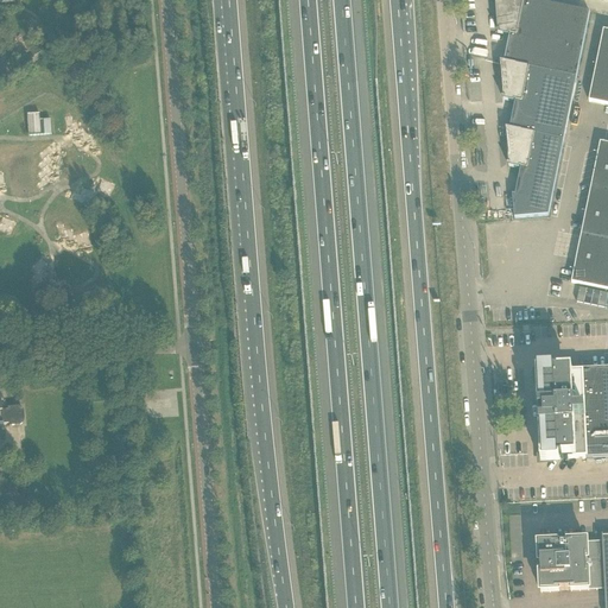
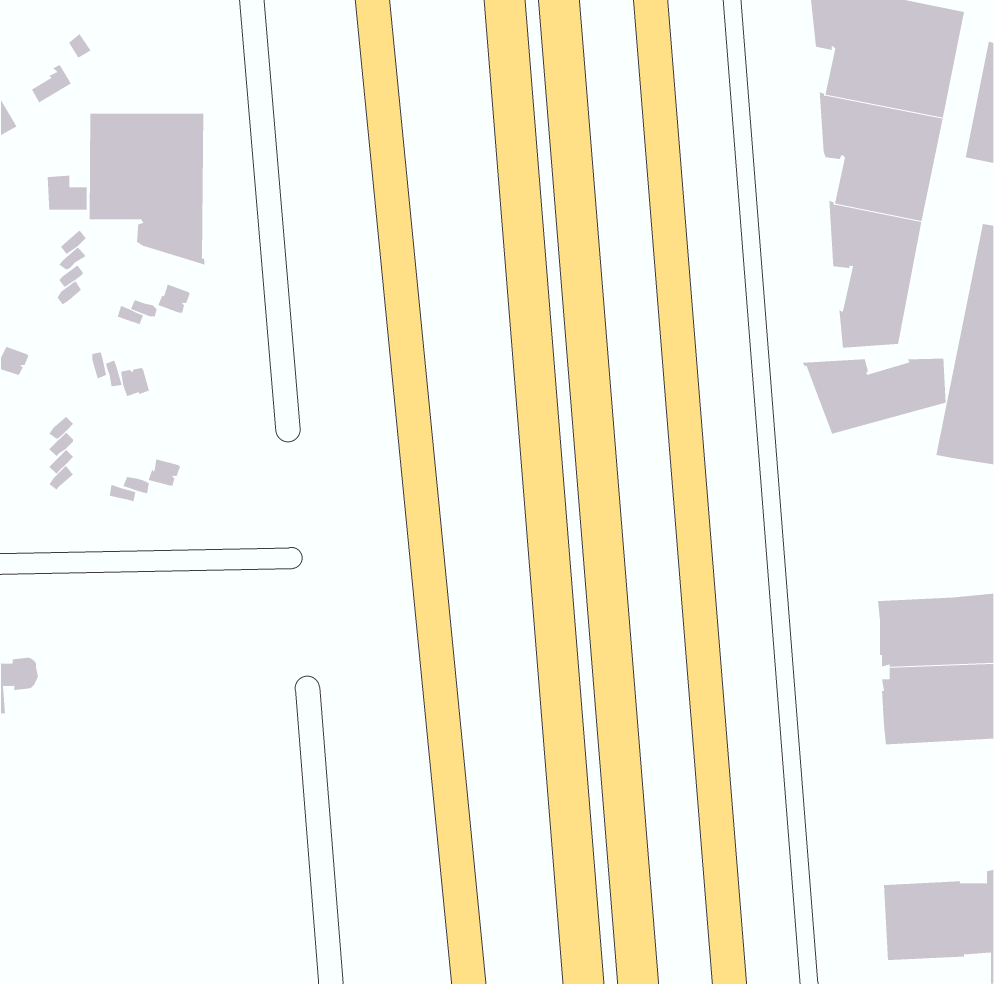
building: none -> [89,113,205,266]
building: none -> [802,358,946,435]

